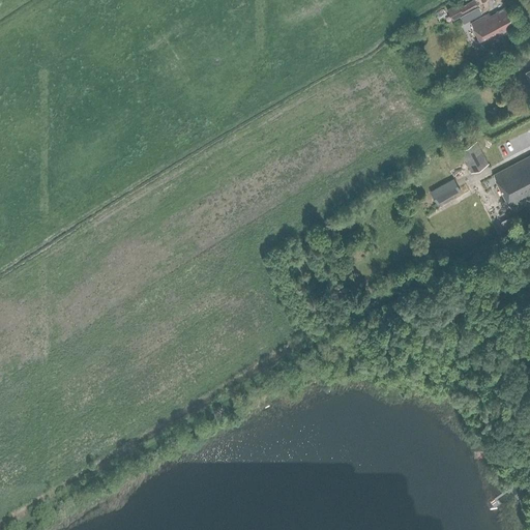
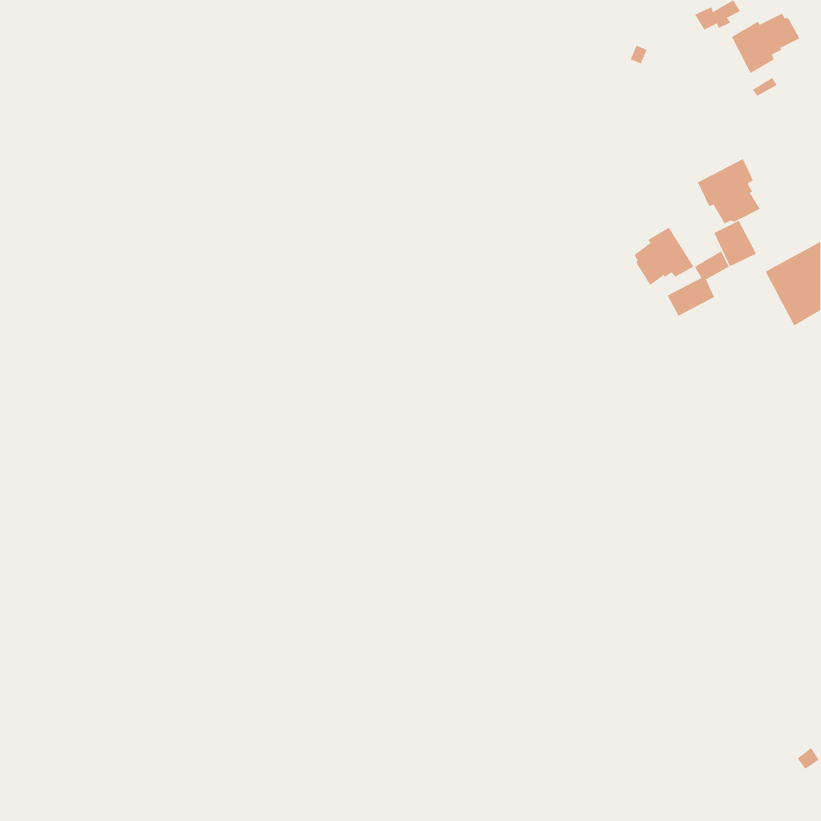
building: none -> [697,158,760,224]
building: none -> [634,227,694,286]

